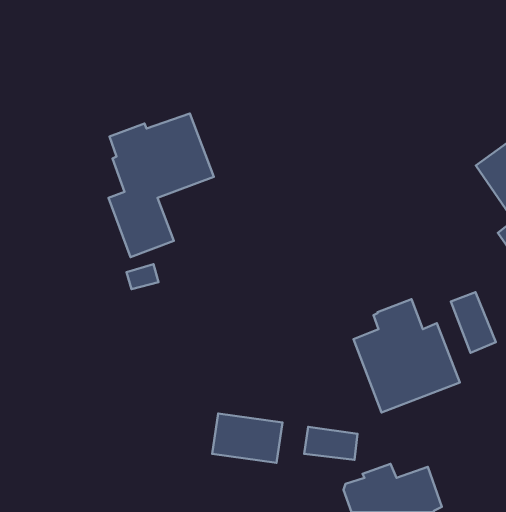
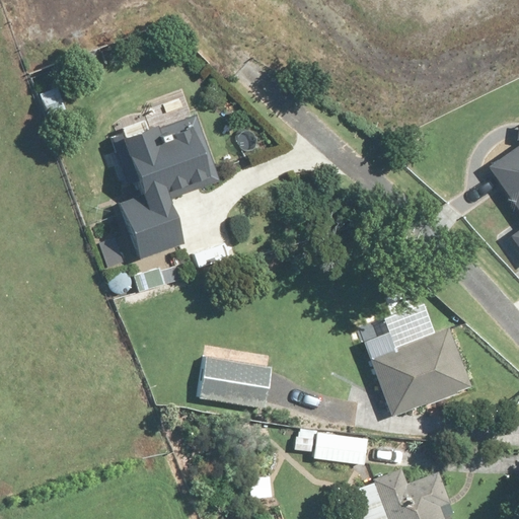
building: [451,292,496,353] -> none
building: [212,414,282,463] -> [200,357,271,406]

